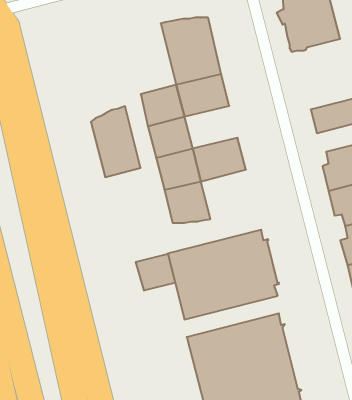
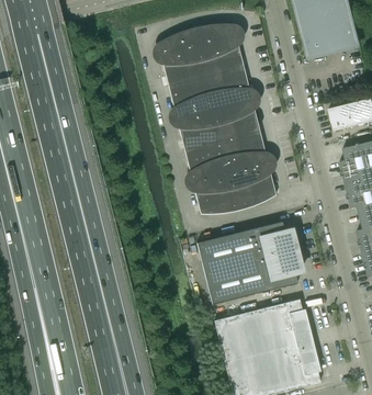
building: none -> [211,104,260,144]
building: [91,106,141,177] -> [157,27,203,93]
building: none -> [226,163,275,210]
building: [136,254,175,291] -> none

